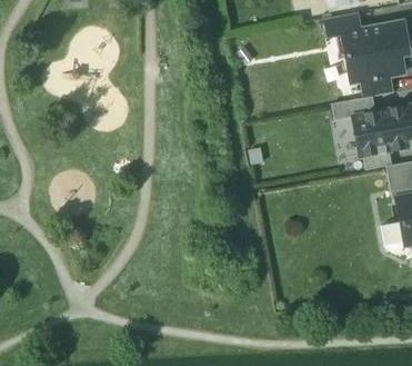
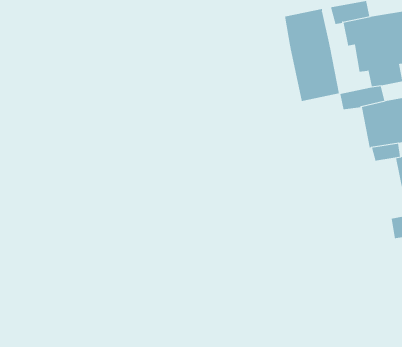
building: none -> [284,8,339,102]

